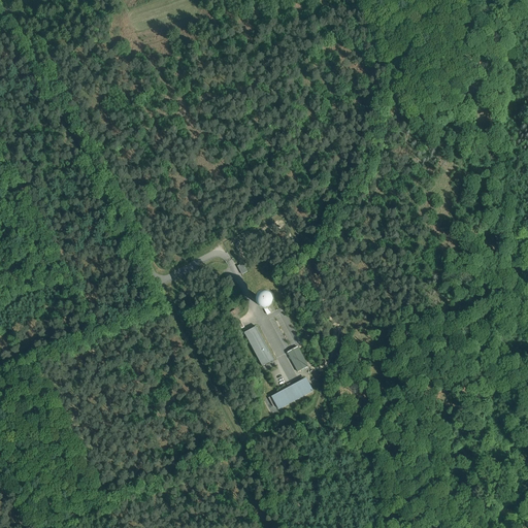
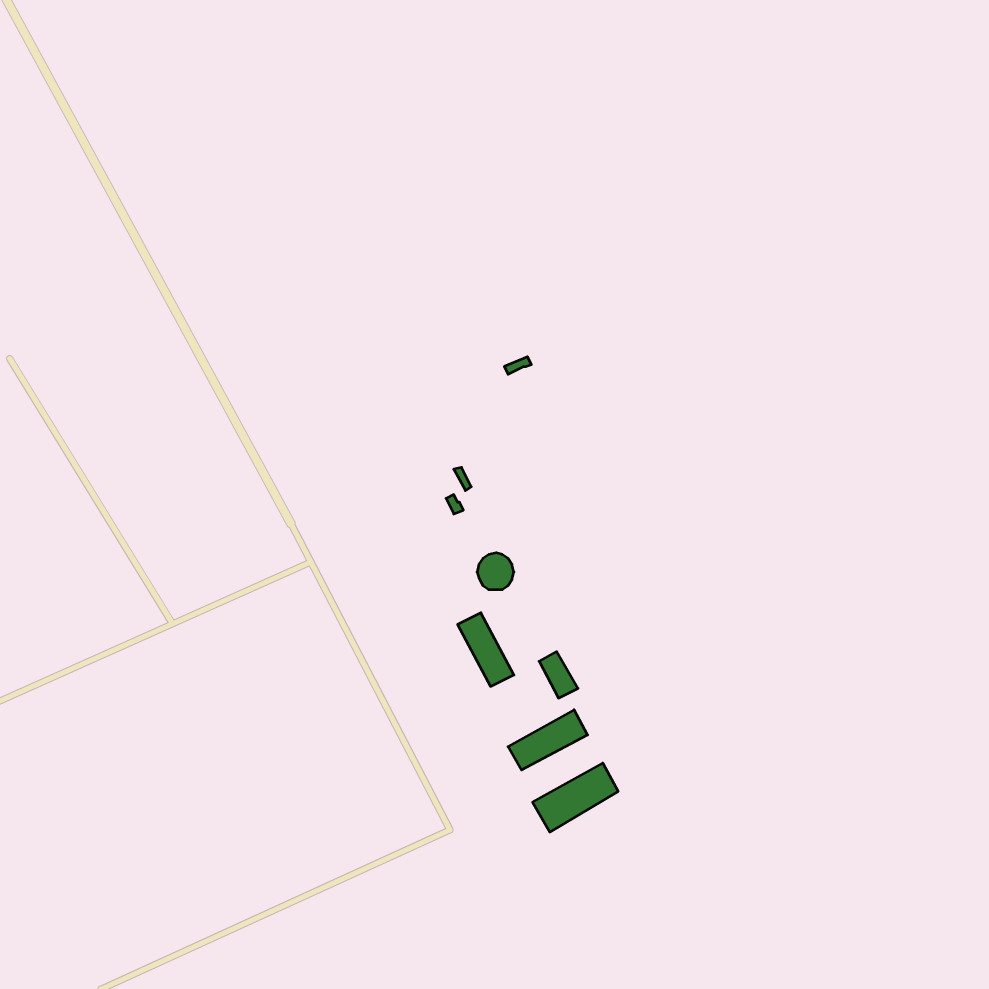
building: none -> [533,763,618,832]

